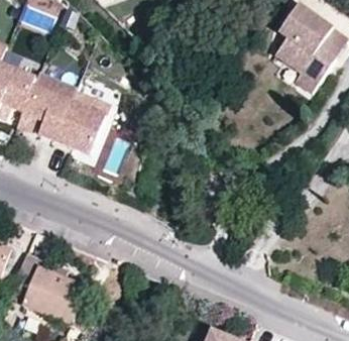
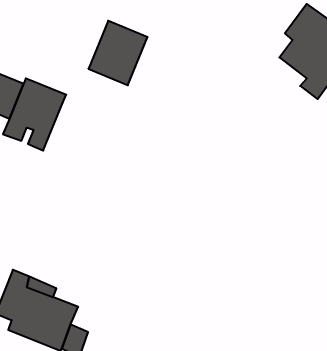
building: [54,96,109,155] -> [88,21,148,85]

